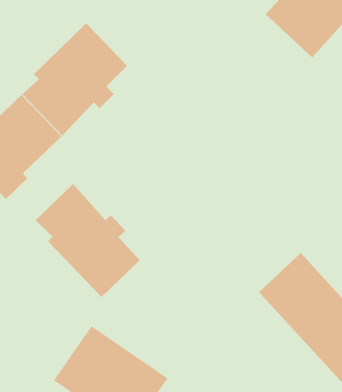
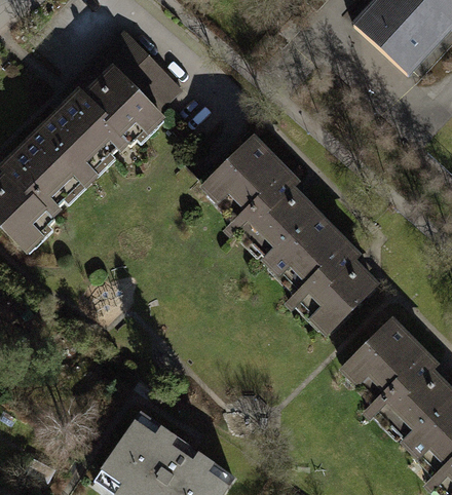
building: none -> [203,136,386,328]
building: [35,183,141,298] -> none

